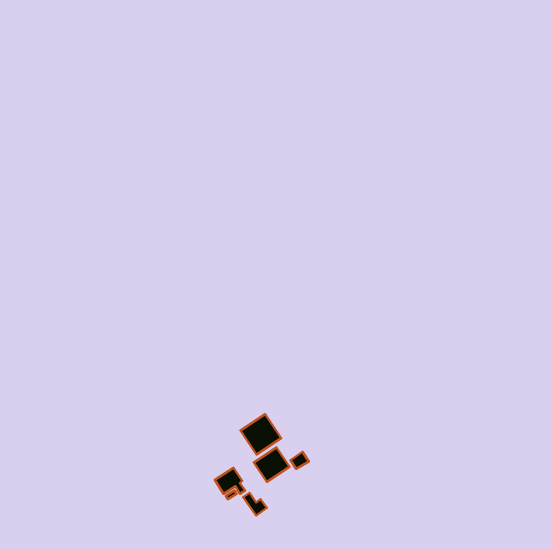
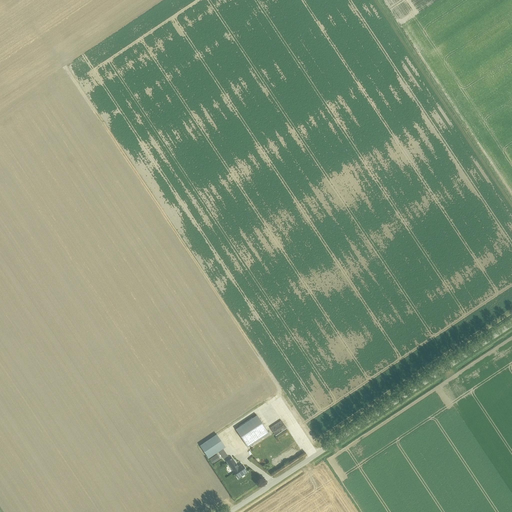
building: [240,414,281,455] -> none

